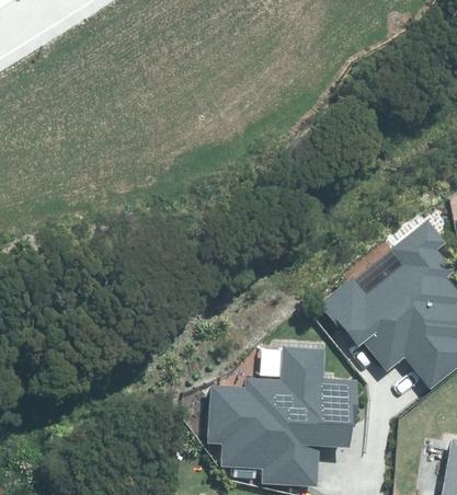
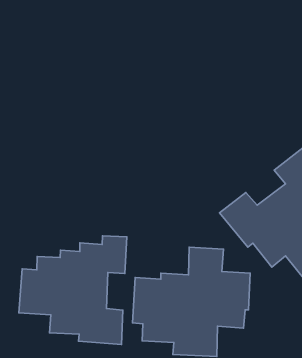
building: none -> [19,236,127,344]

